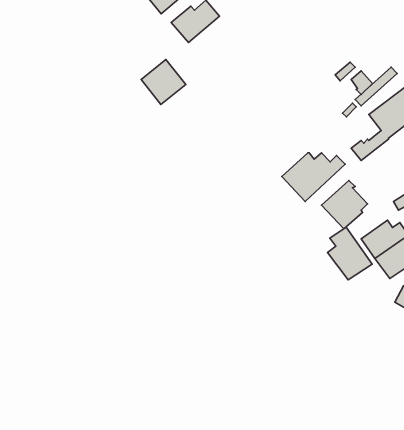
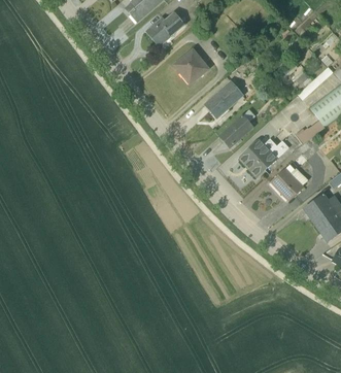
building: [141,60,186,104] -> [173,46,210,83]
building: none -> [204,76,244,117]
building: none -> [218,112,254,147]
building: [328,227,372,280] -> none

